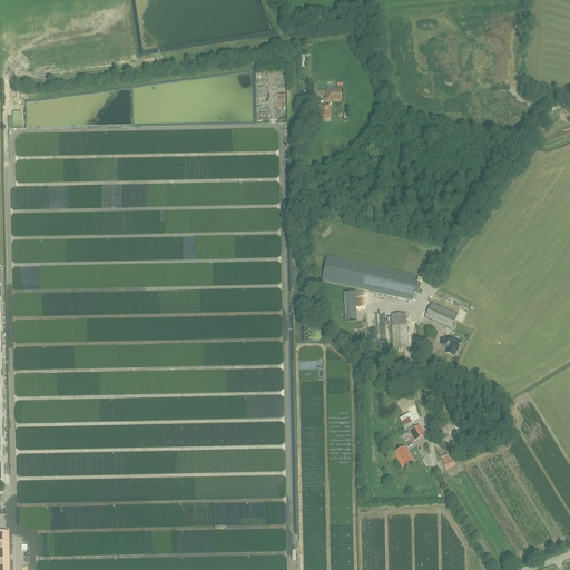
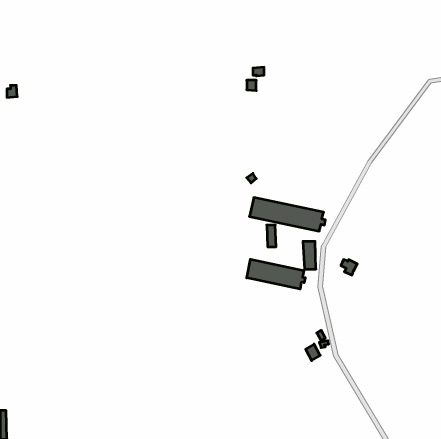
building: [425,301,458,327] -> none
building: none -> [247,259,305,289]

